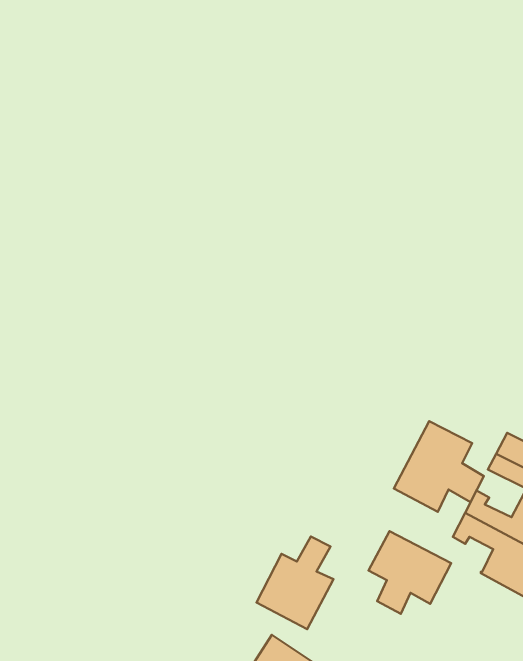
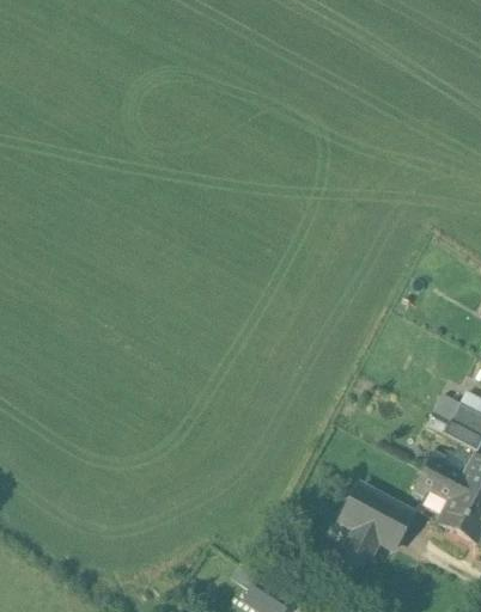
building: [394,421,484,512] -> none
building: [256,536,333,629] -> none

